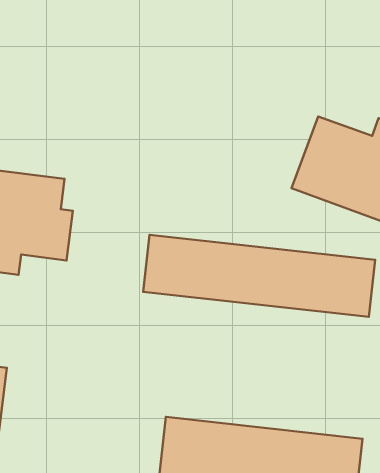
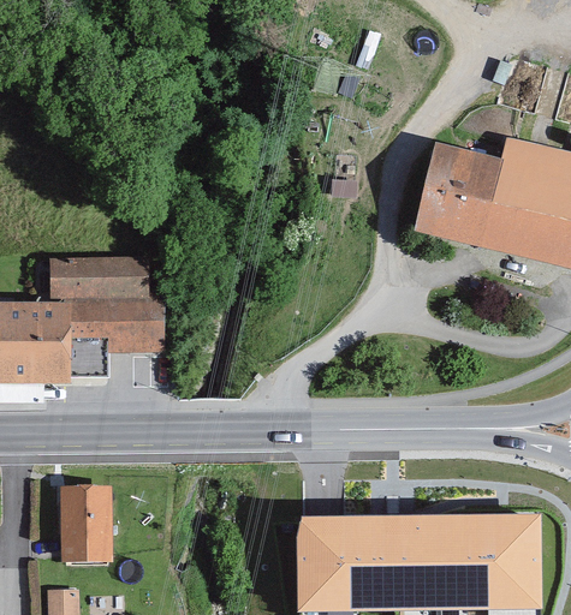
building: [143,235,375,317] -> none

